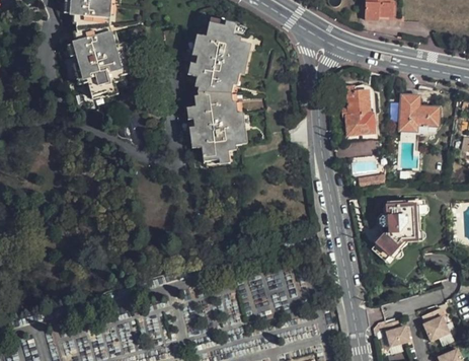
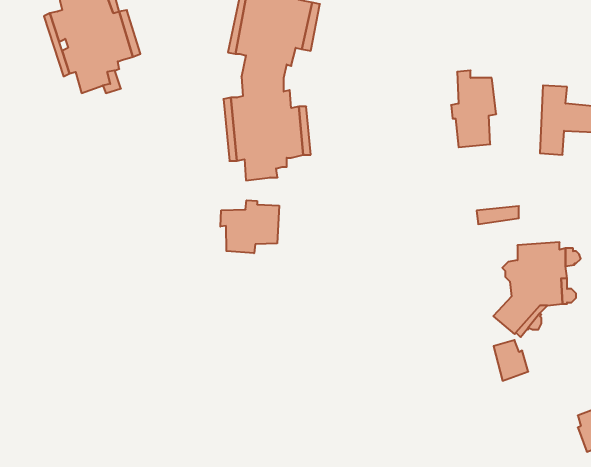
building: none -> [220,200,279,253]
building: [388,317,411,345] -> [494,340,528,381]

